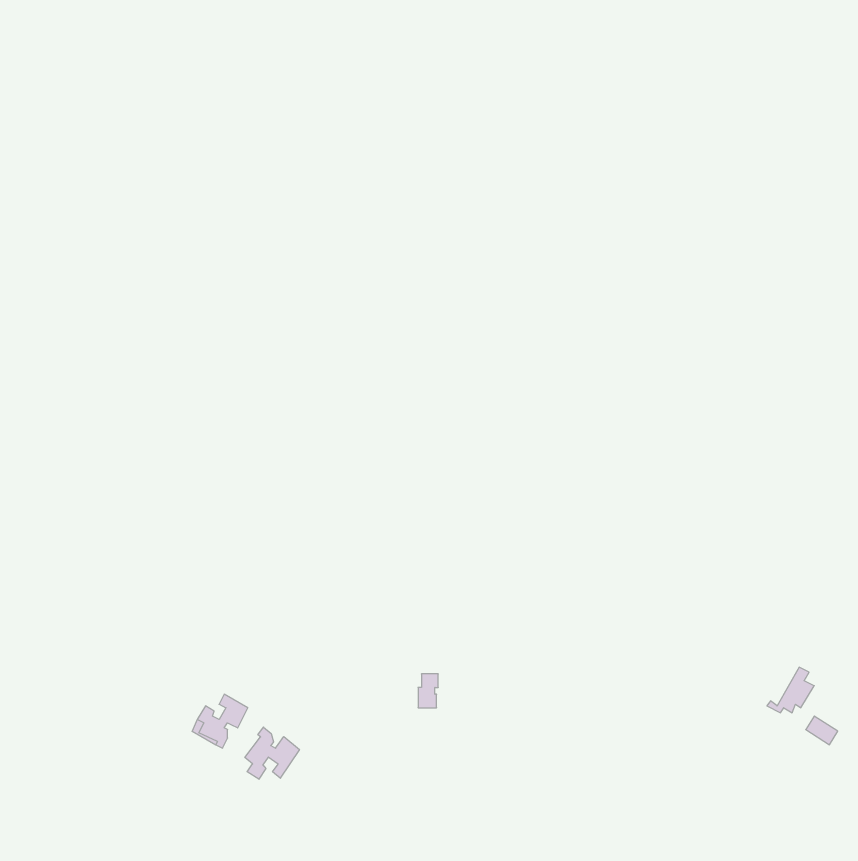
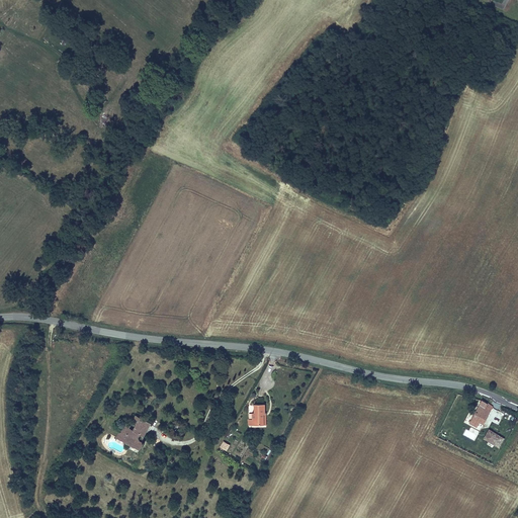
building: [245,727,299,779] -> none

